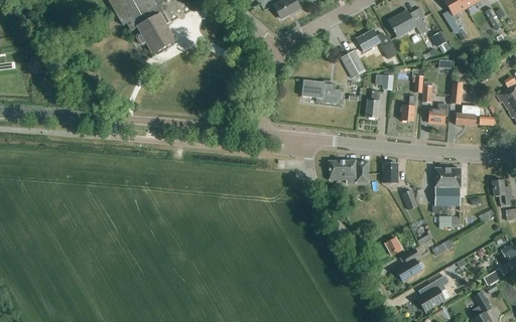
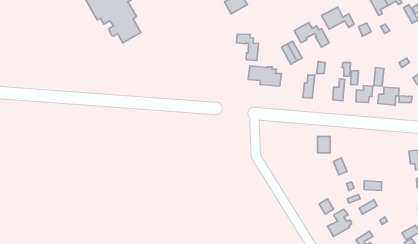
building: none -> [236,34,259,61]
building: [329,160,368,182] -> none
building: [434,167,461,205] -> none

